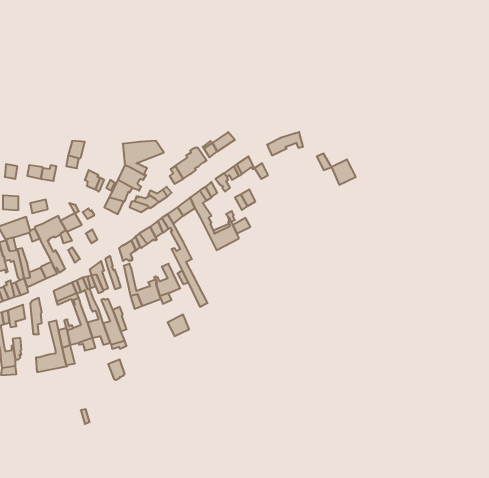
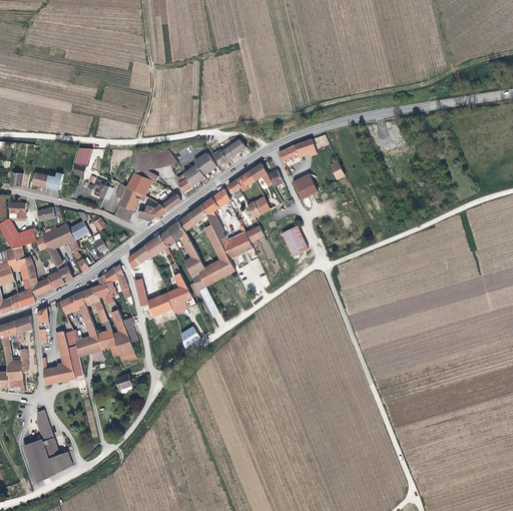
building: [331,159,356,185] -> [294,171,319,197]
building: none -> [196,225,233,287]
building: none -> [282,225,309,256]
building: none -> [22,411,70,483]

